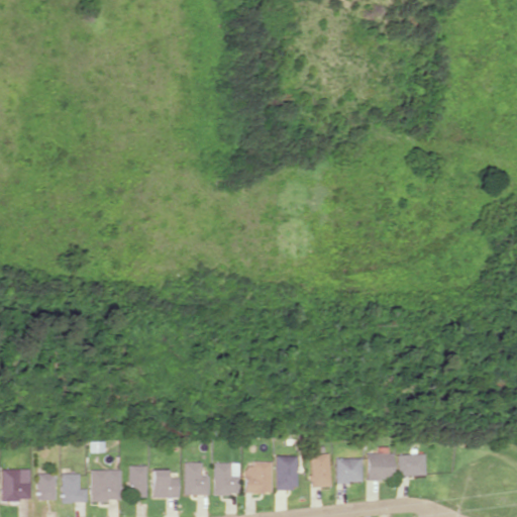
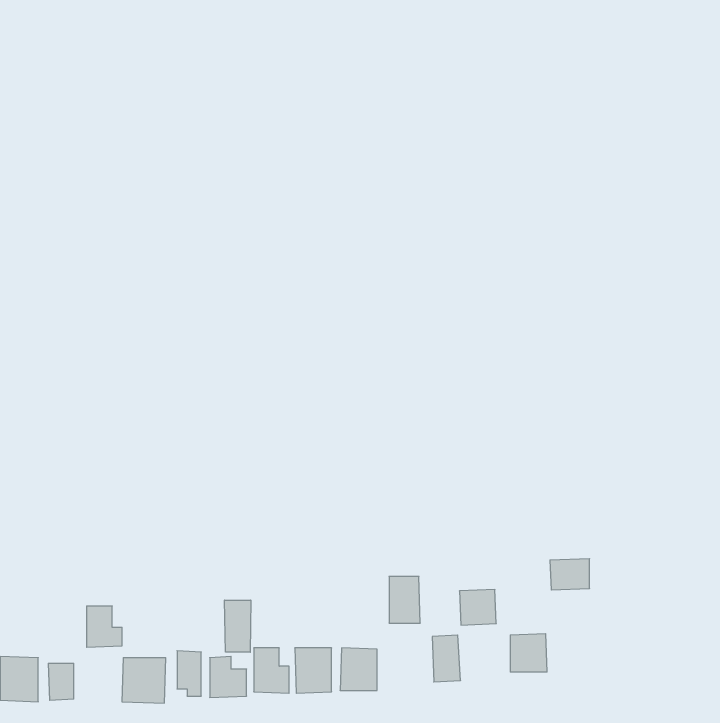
building: none -> [225,600,251,652]
building: [397,453,425,476] -> [550,559,590,590]
building: [276,455,298,489] -> [389,576,420,623]
building: [336,457,363,483] -> [459,590,496,625]
building: [62,474,87,503] -> [87,606,122,647]

